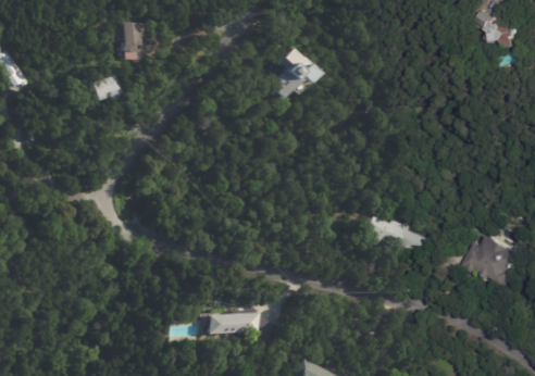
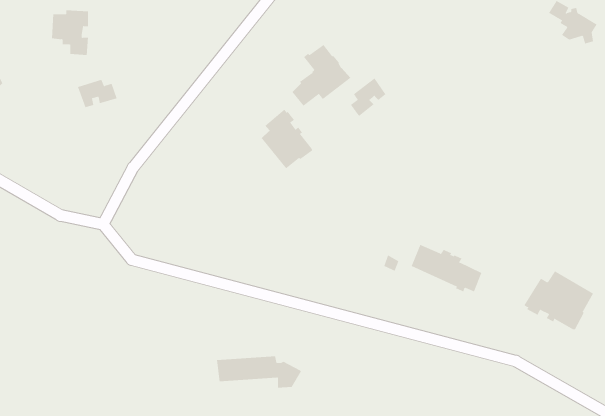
building: [113,22,145,60] -> [51,10,89,55]
building: none -> [350,77,386,117]
building: none -> [261,109,313,169]

